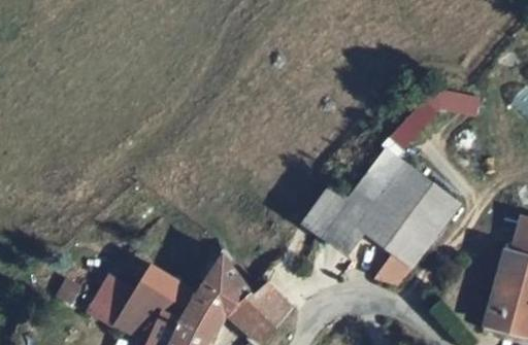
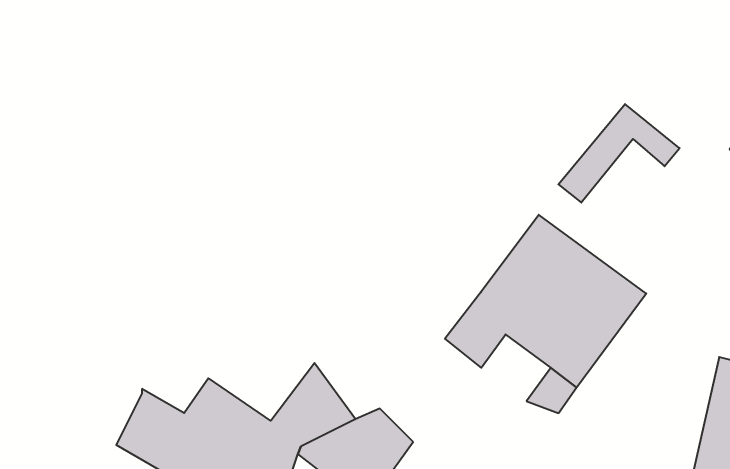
building: [298,192,341,237] -> none

